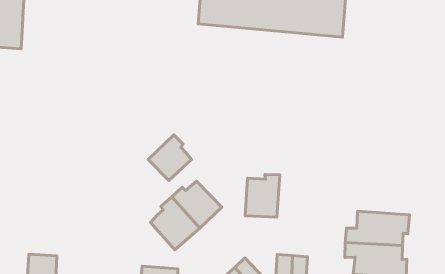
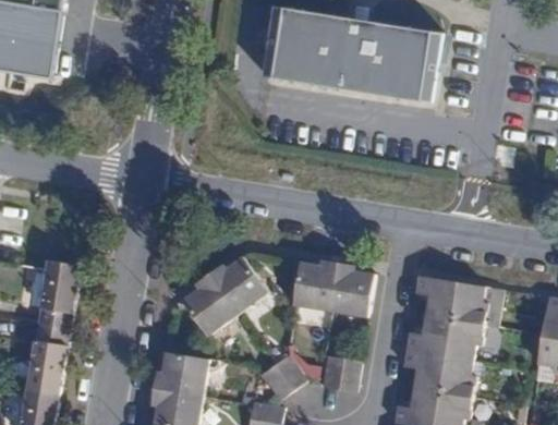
building: [148,135,191,181] -> none
building: none -> [330,262,375,316]
building: none -> [415,275,488,325]
building: none -> [36,259,80,328]

